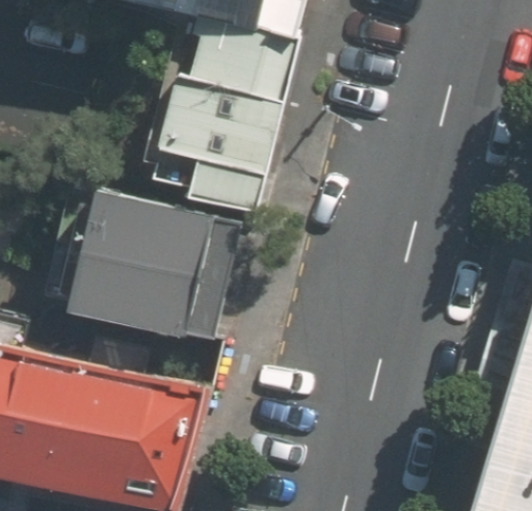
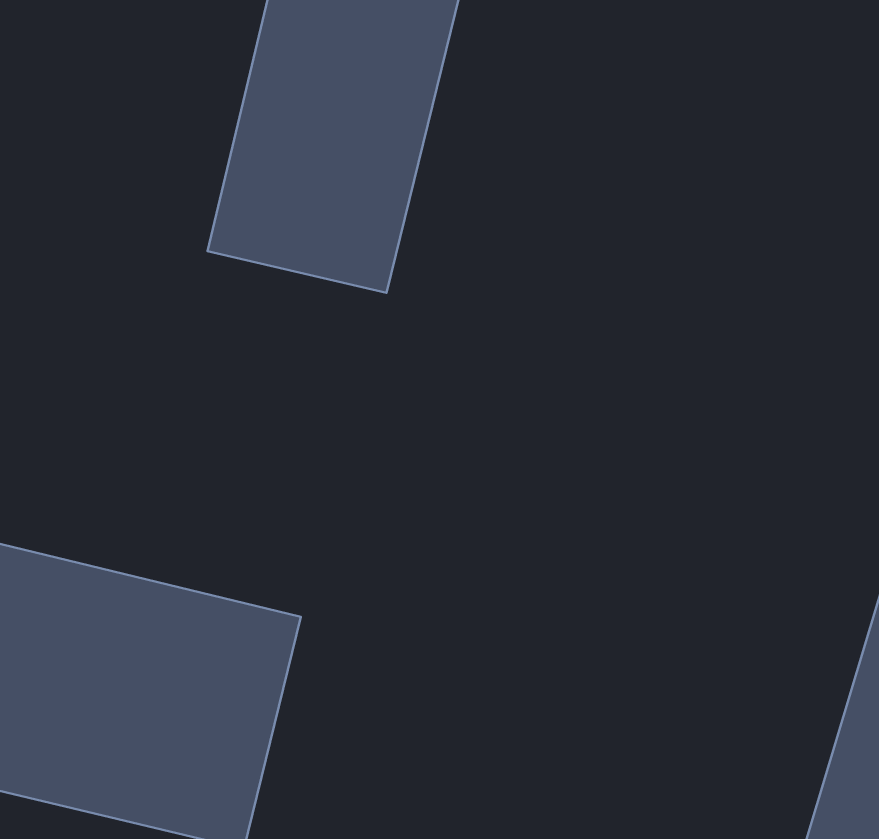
building: [68,193,243,340] -> none

